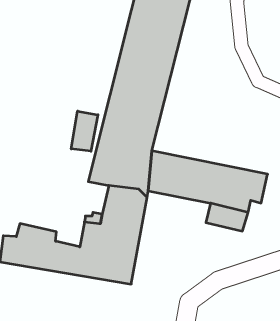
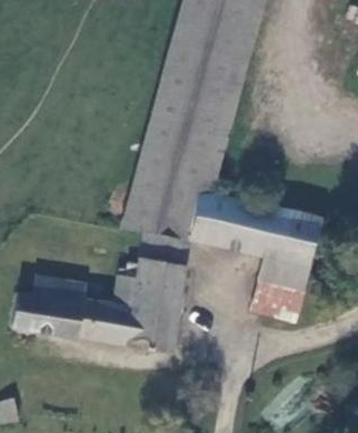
building: [71,111,98,151] -> none
building: none -> [256,280,306,318]

